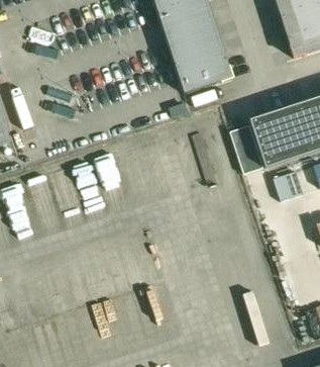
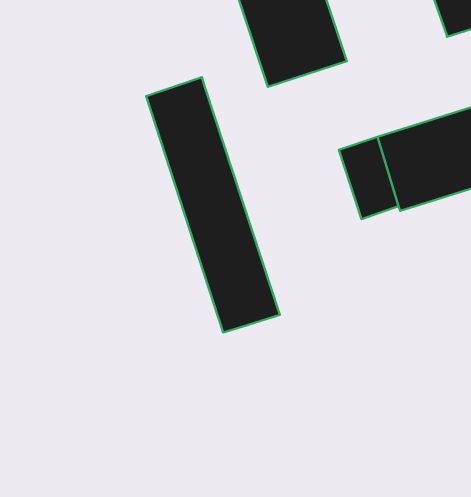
building: none -> [146,77,280,332]

